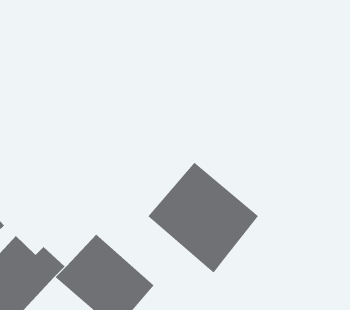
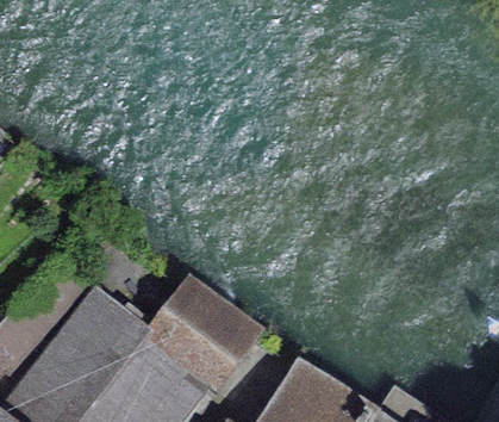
building: [148,162,259,273] -> none

